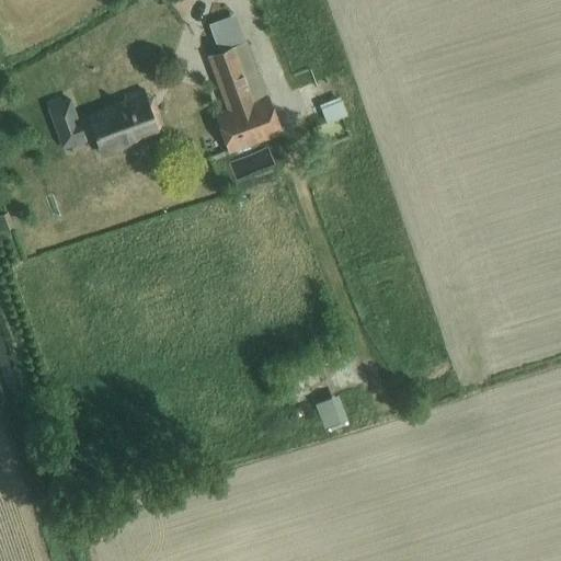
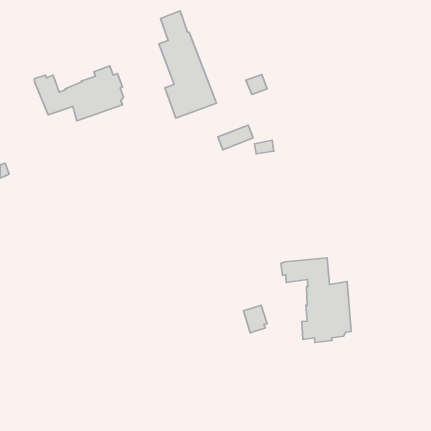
building: [233,144,279,175] -> [218,125,253,150]
building: none -> [281,258,351,343]

